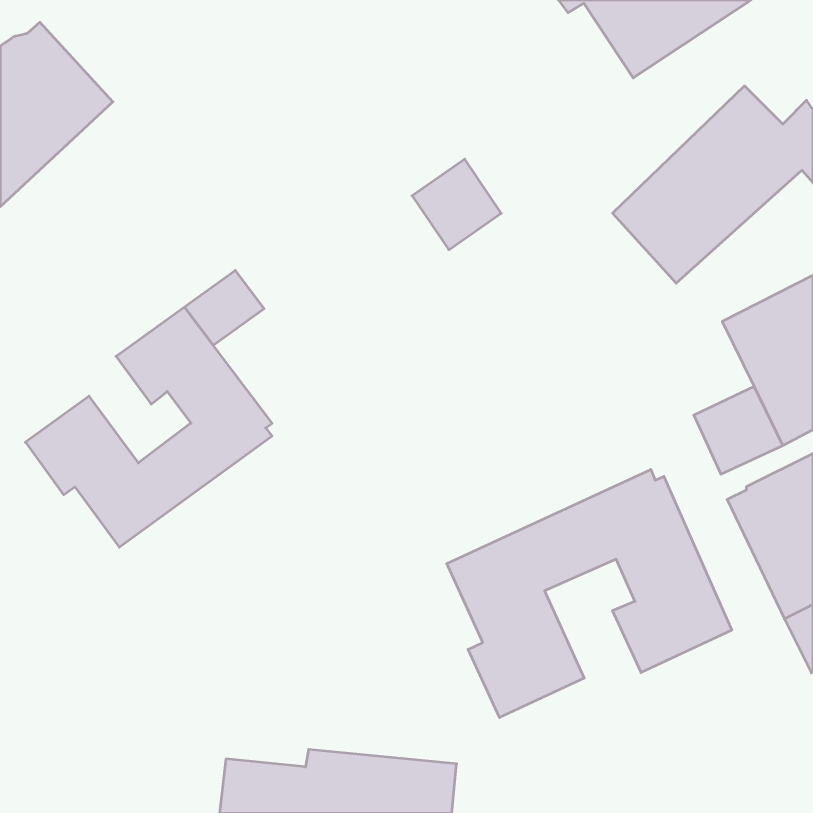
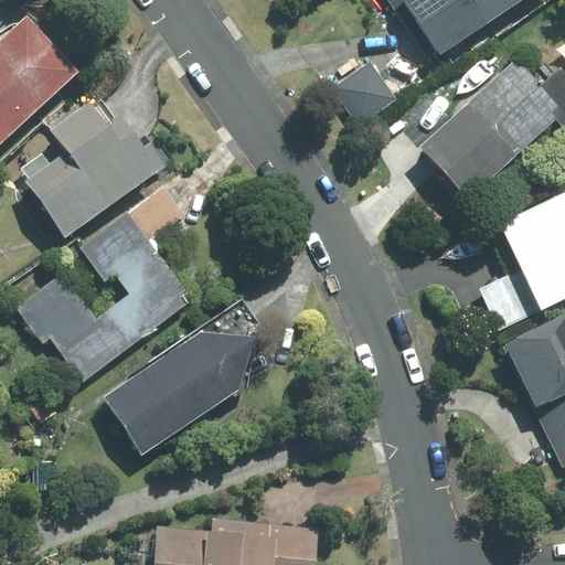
building: none -> [26,99,167,238]
building: [412,159,501,250] -> [333,61,395,124]
building: none -> [104,300,258,454]
building: [447,469,732,718] -> none

